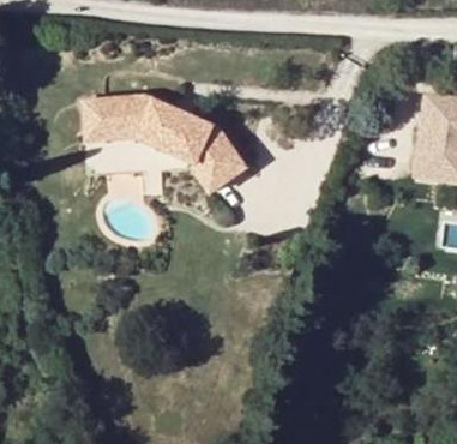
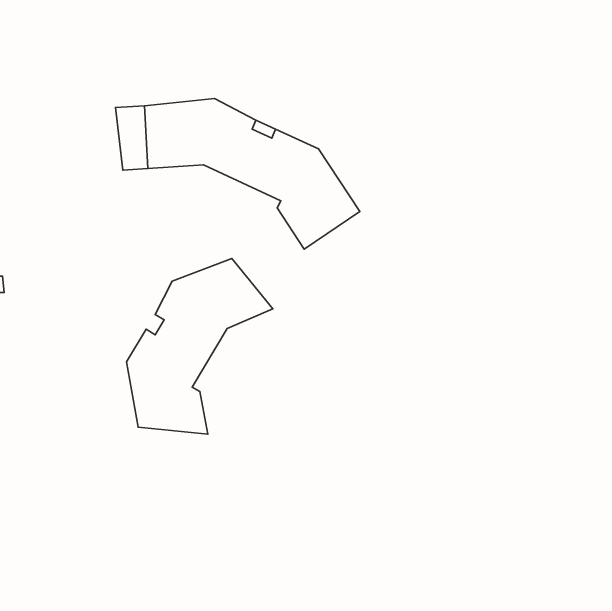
building: none -> [126,259,273,434]

